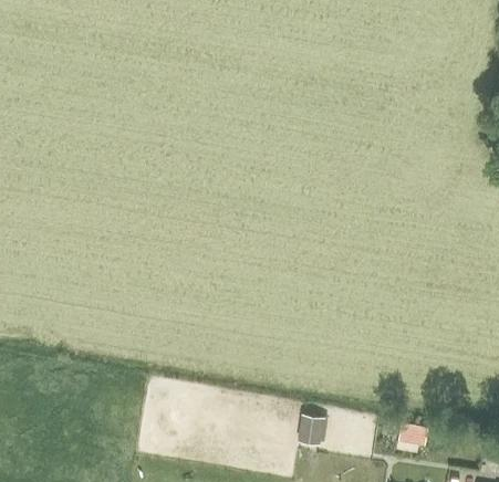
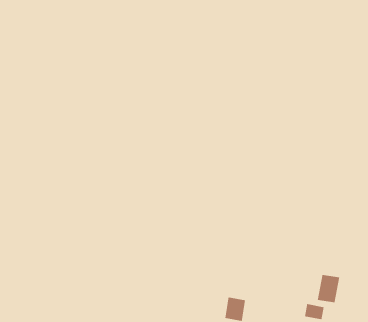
building: none -> [317,274,340,303]

